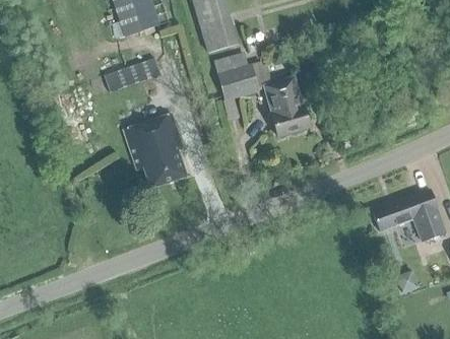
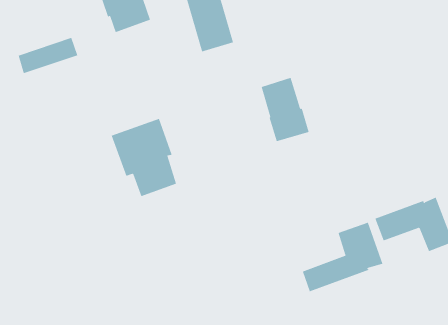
building: [105,56,162,90] -> [18,37,78,74]
building: [215,56,258,100] -> none
building: none -> [302,222,383,292]

